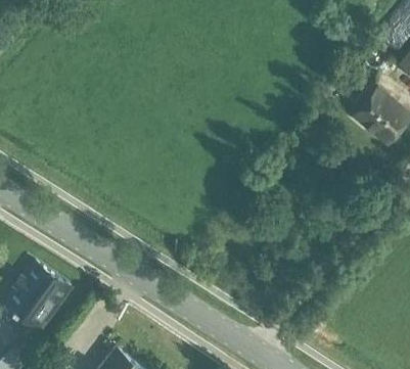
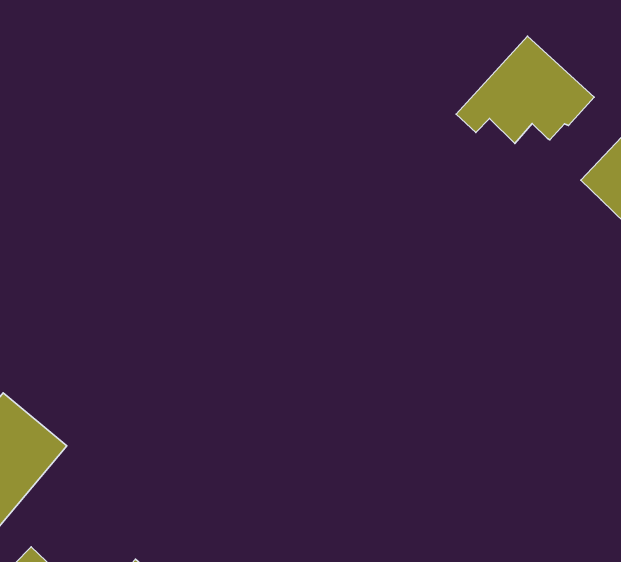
building: none -> [456,36,594,143]

